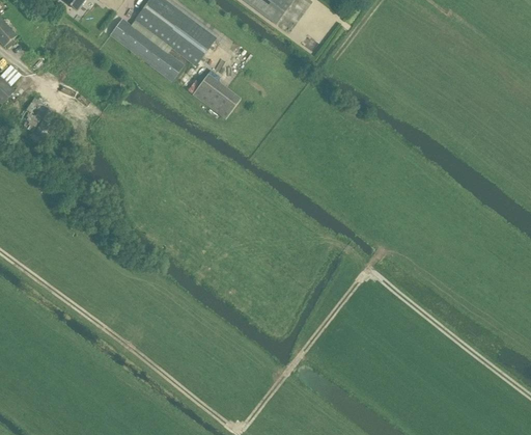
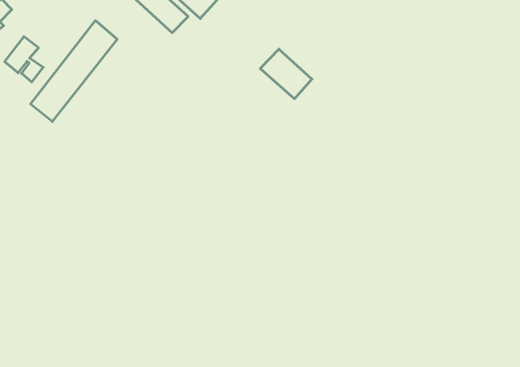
building: [191,74,240,118] -> [260,49,312,99]
building: none -> [31,21,117,122]

